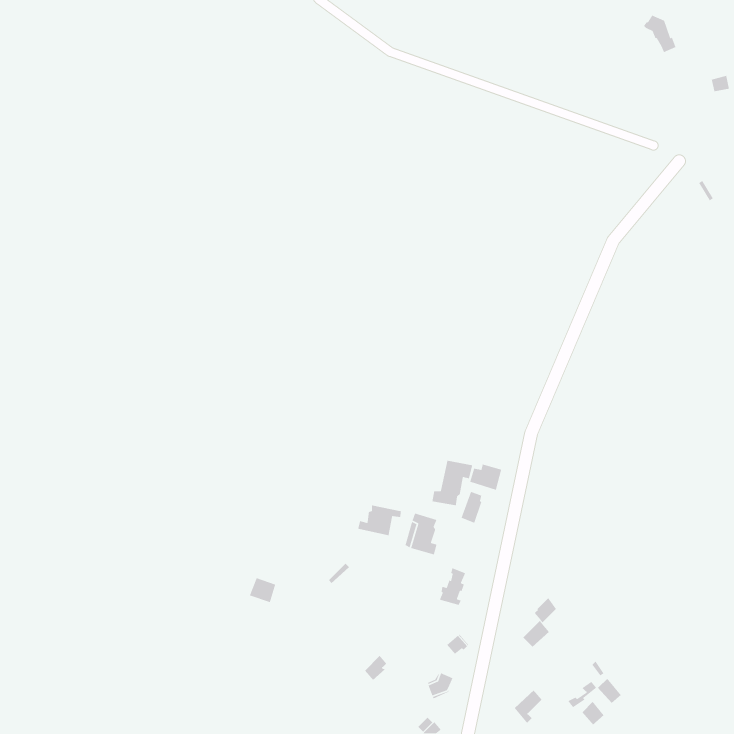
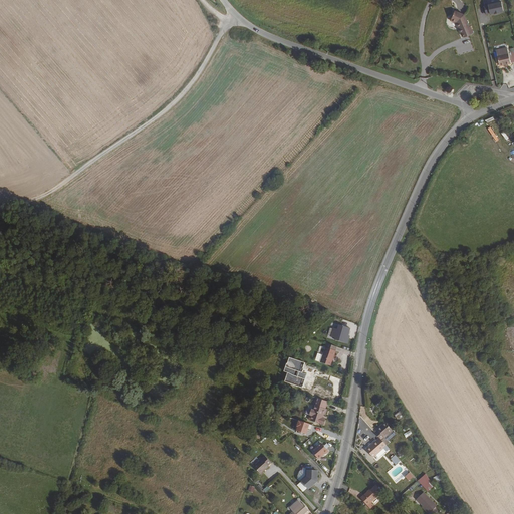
building: [431,460,473,506] -> none
building: [357,504,402,536] -> none

